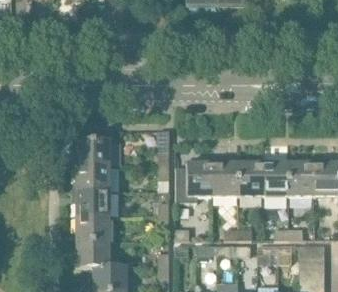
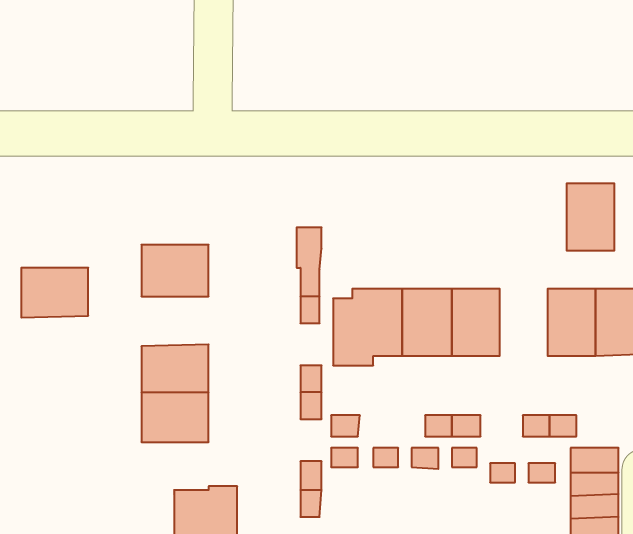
building: [263,162,288,197] -> [567,183,614,251]
building: [76,166,111,192] -> [21,268,88,318]
building: [76,242,111,268] -> none

